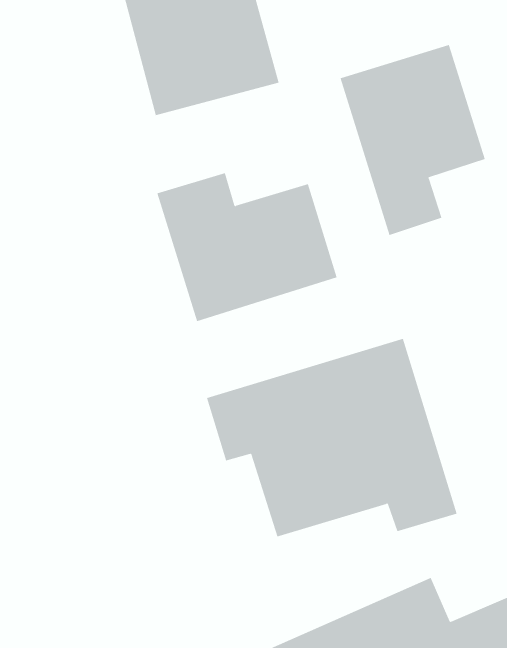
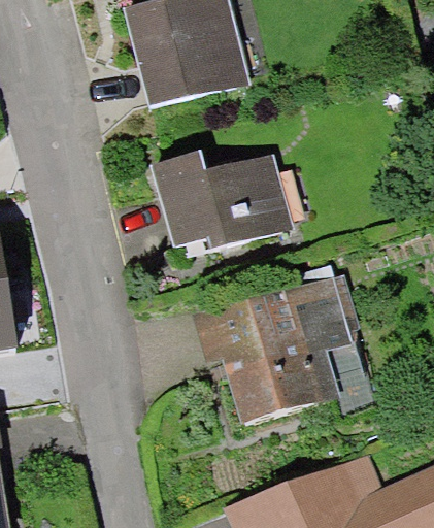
building: [340,44,485,236] -> none

